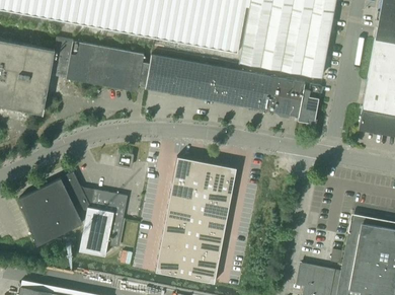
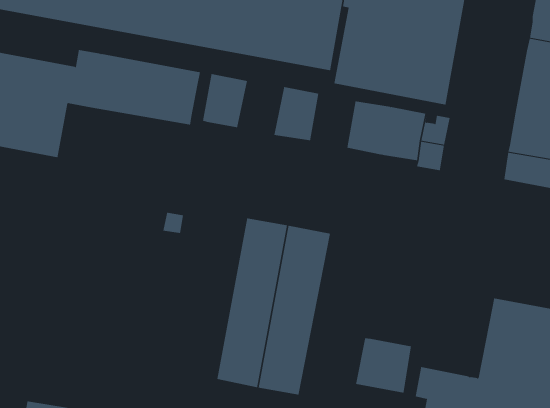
building: [171,60,204,98] -> none
building: [223,69,254,107] -> none
building: [20,172,129,256] -> none
building: none -> [356,338,411,394]

